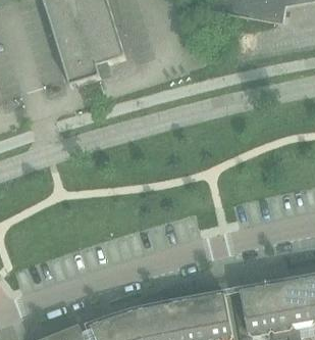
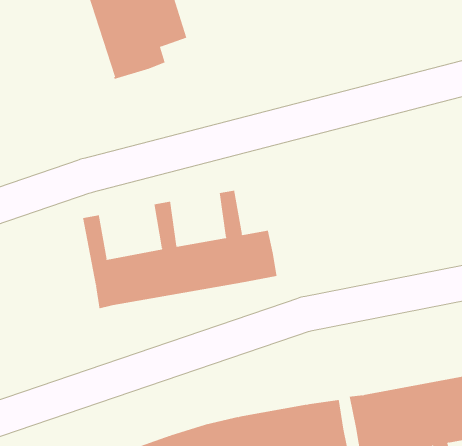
building: none -> [83,190,277,309]

